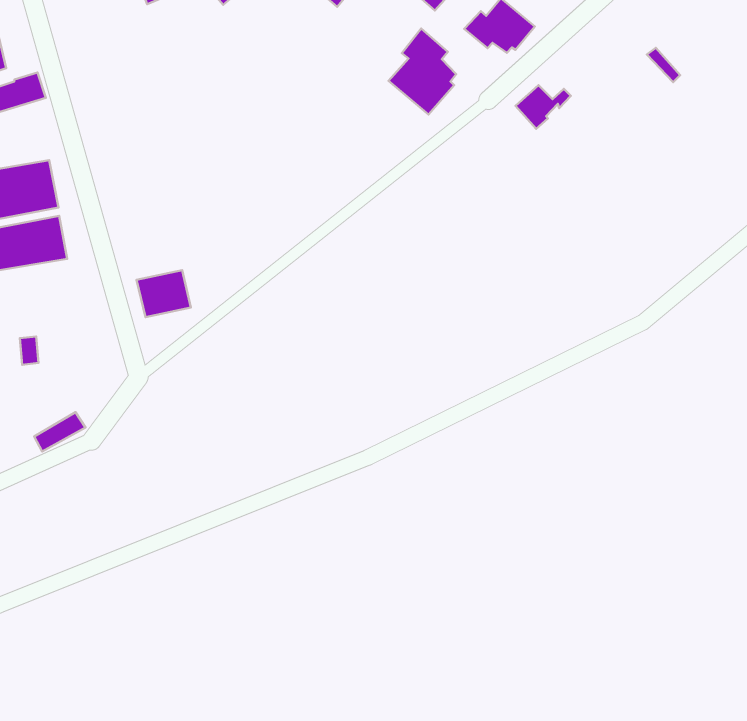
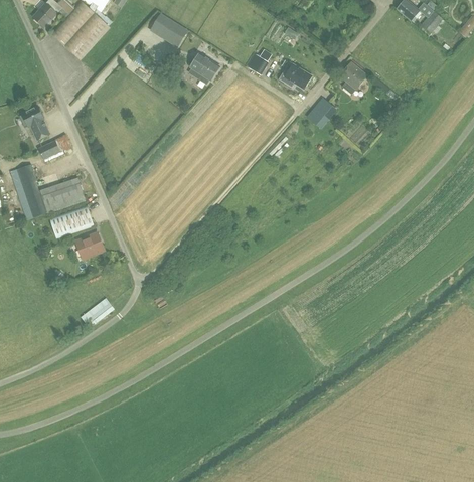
building: none -> [338,60,366,93]
building: [389,29,456,115] -> none
building: [137,270,191,317] -> [74,231,104,258]

